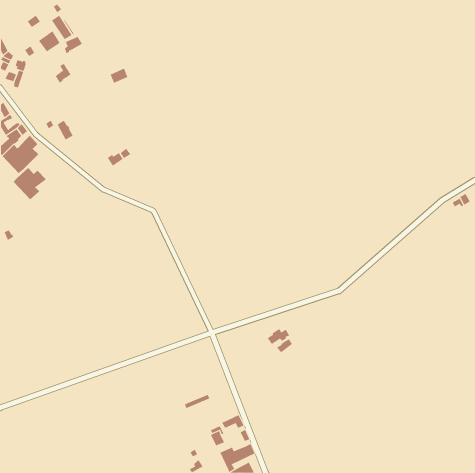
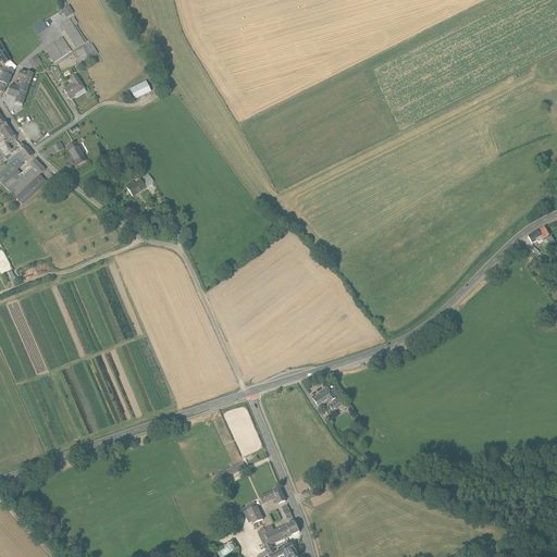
building: [13,167,47,200] -> none

